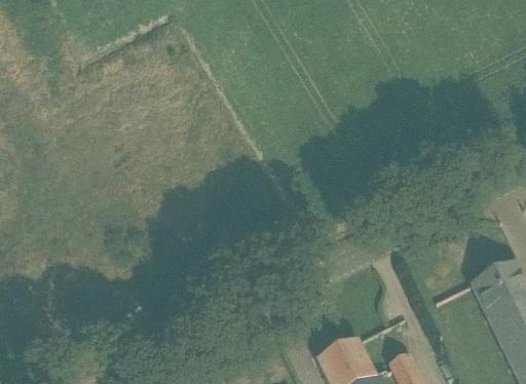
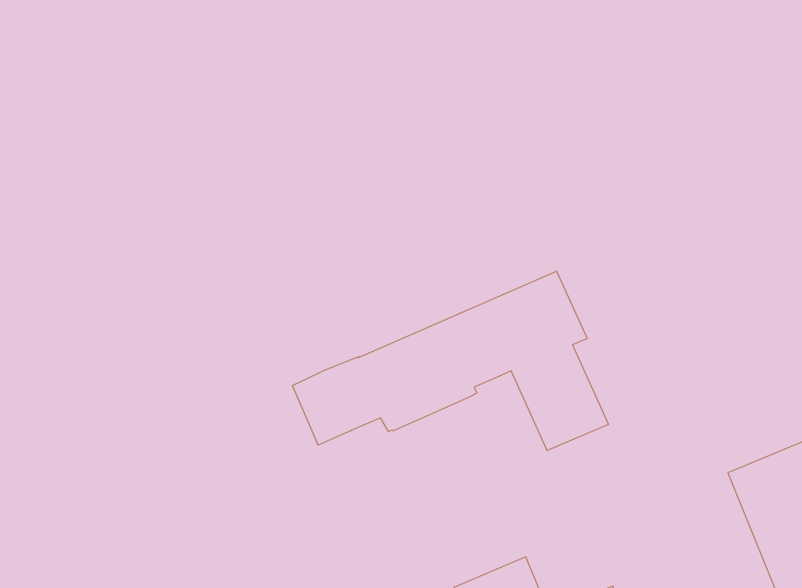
building: none -> [293,271,608,451]

